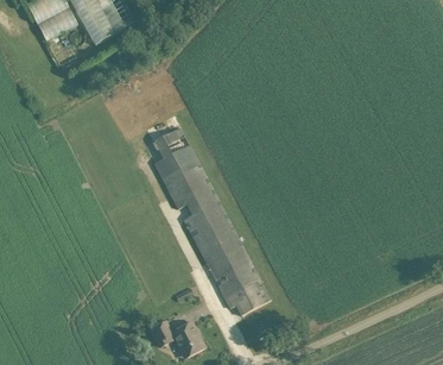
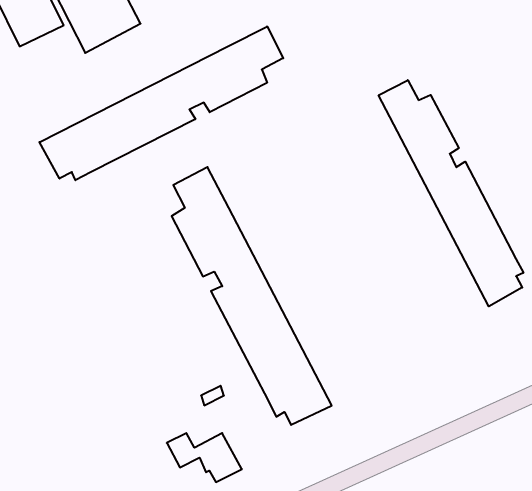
building: none -> [39,26,283,180]
building: none -> [379,80,523,306]

